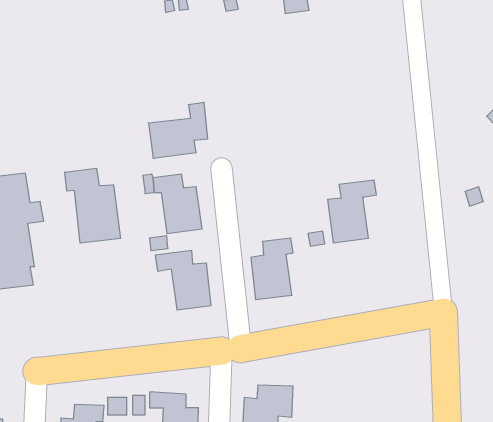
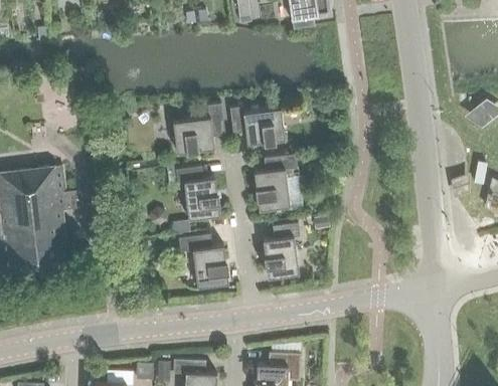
building: none -> [229,107,285,144]
building: [65,168,121,243] -> none
building: [328,180,376,243] -> [254,155,297,210]

